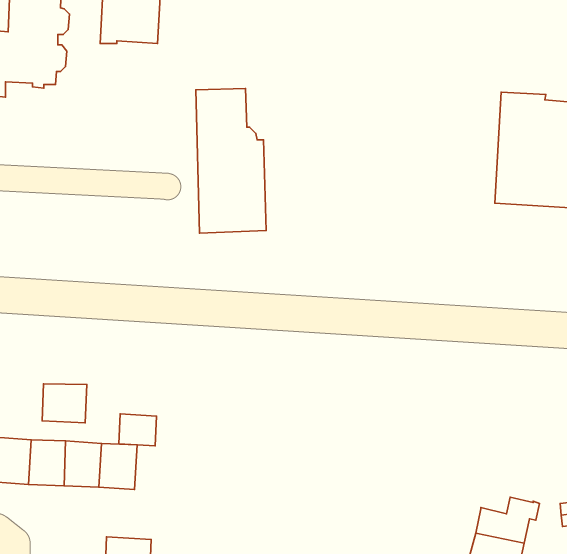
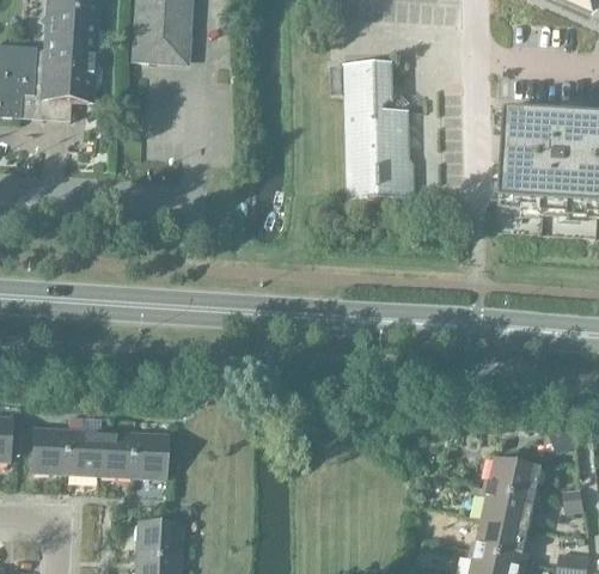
building: [196,89,266,233] -> [344,62,410,197]
building: [42,384,87,423] -> none
building: [119,414,157,446] -> none
building: none -> [484,447,543,500]

